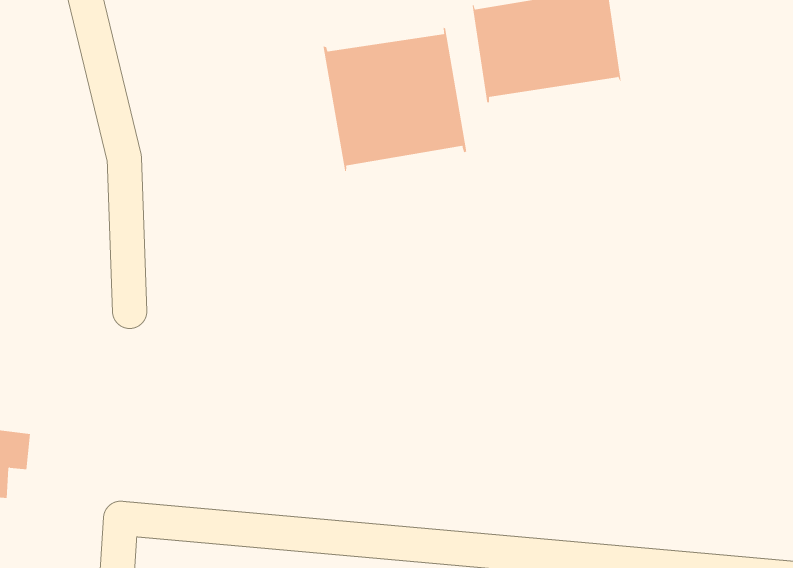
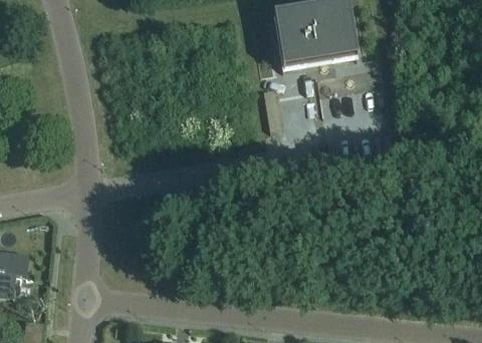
building: [323,26,467,172] -> none

